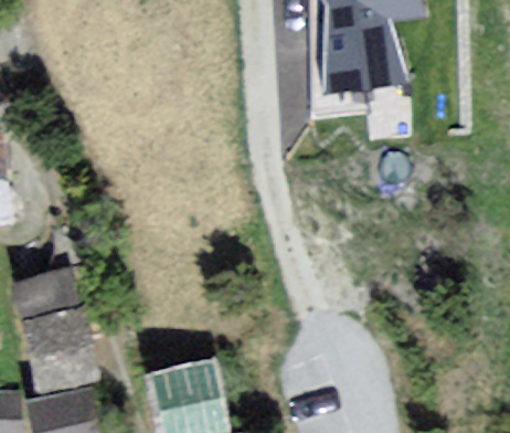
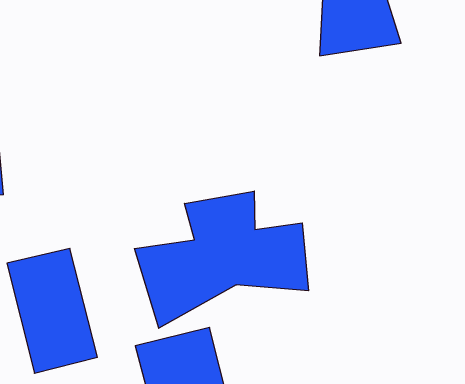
building: none -> [134,191,308,328]

